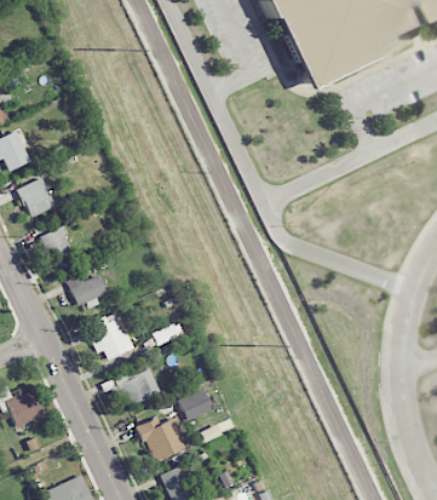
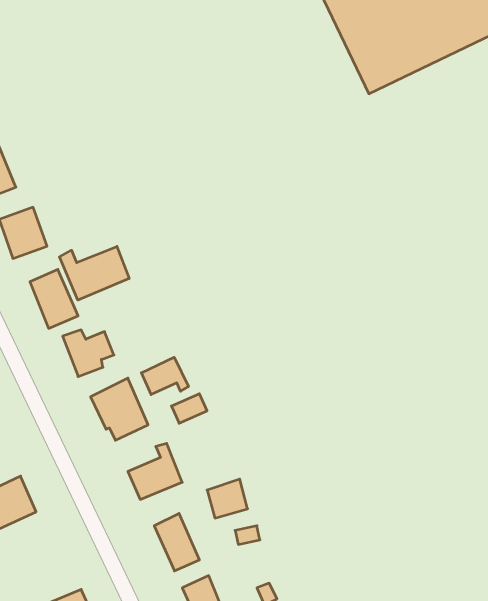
building: none -> [59,246,129,300]
building: none -> [141,357,188,395]

